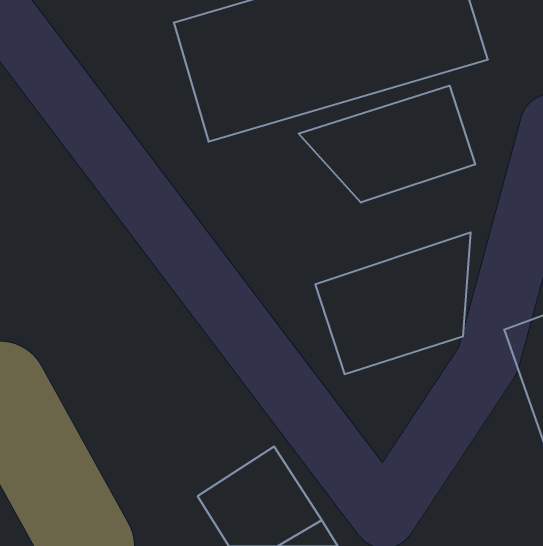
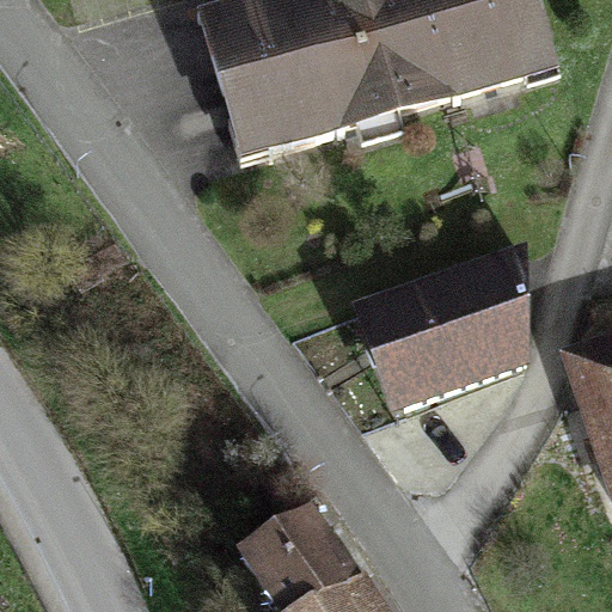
building: [299,86,475,203] -> none

